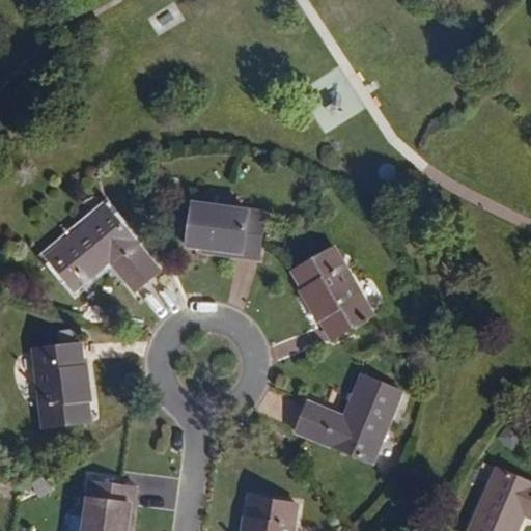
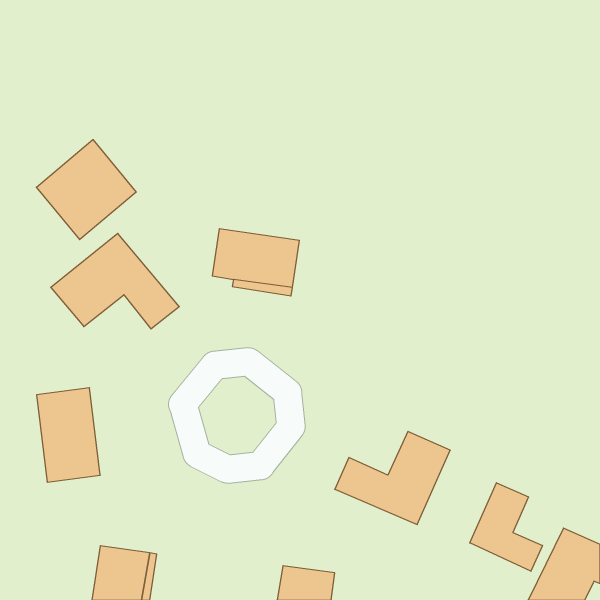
building: none -> [36,140,136,240]
building: [292,248,373,339] -> none
building: none -> [470,483,542,571]

